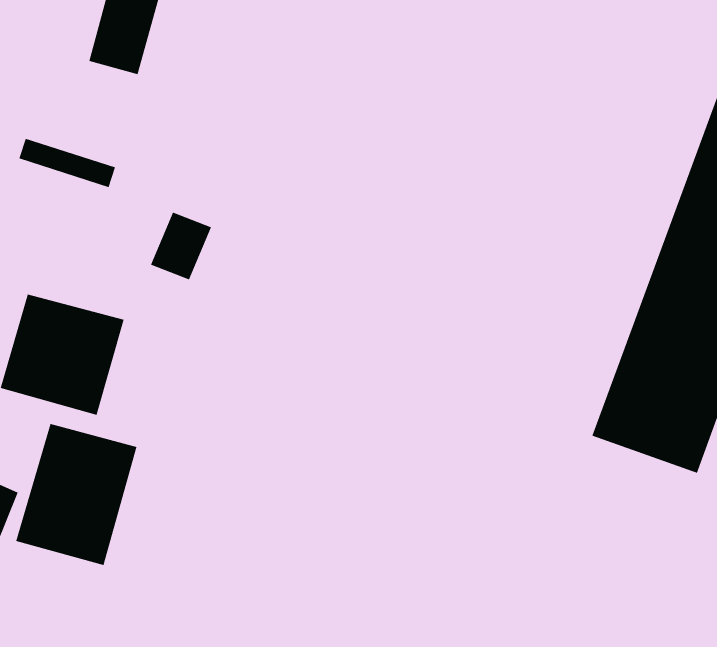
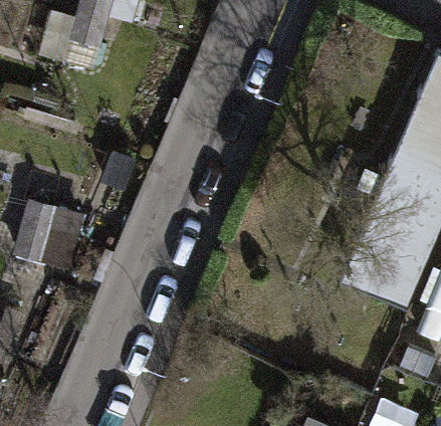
building: [15,423,137,566] -> none

